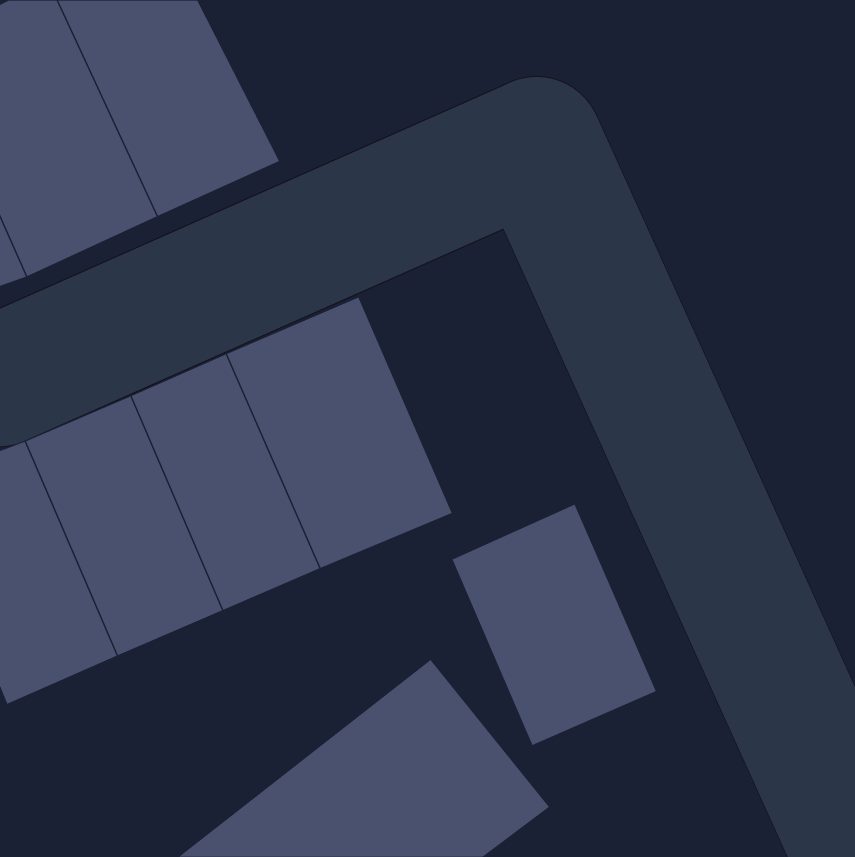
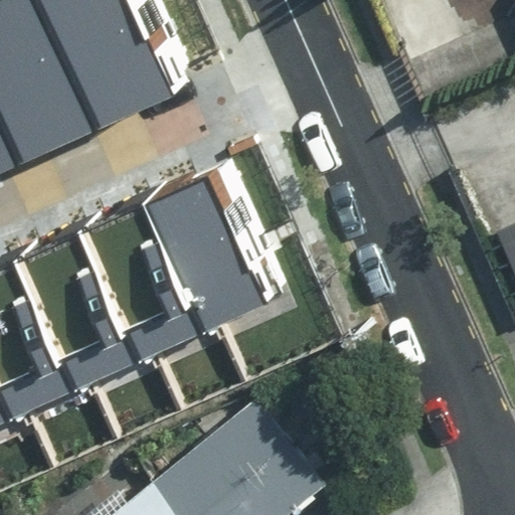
building: [452,504,656,746] -> none

